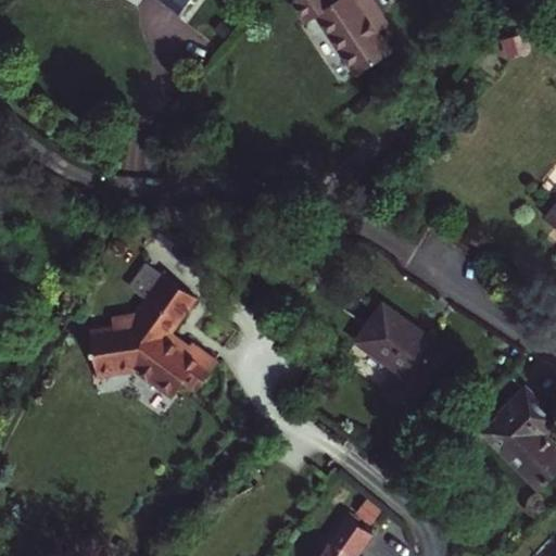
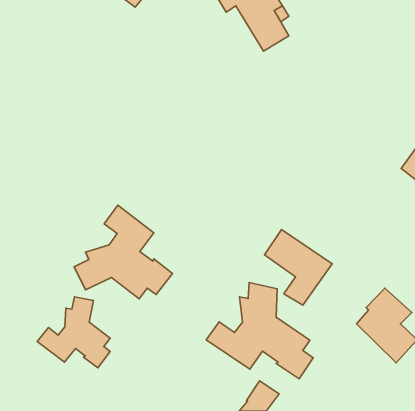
building: none -> [206,282,313,379]
building: none -> [37,297,110,368]

